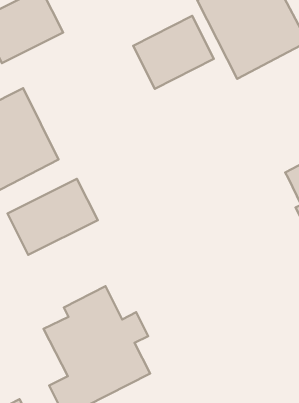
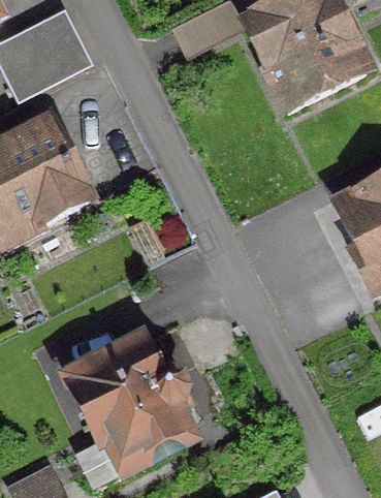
building: [133,16,214,89] -> none
building: [8,179,98,255] -> none

